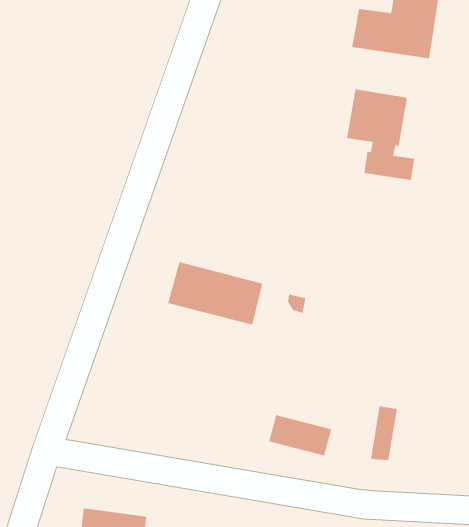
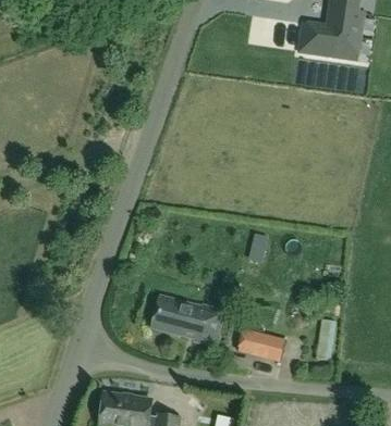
building: [346,89,415,181] -> none
building: [167,261,263,325] -> [151,297,223,344]

